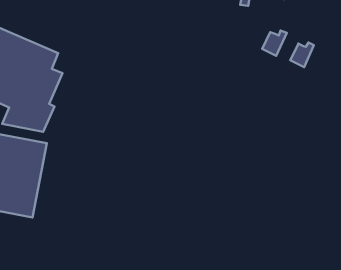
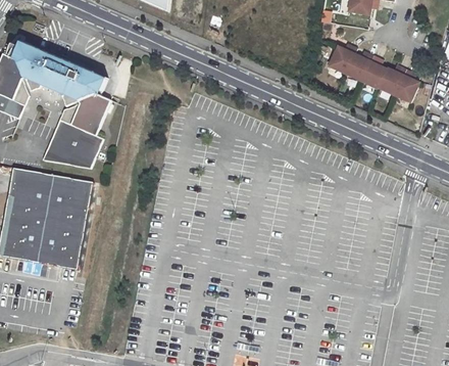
building: none -> [328,43,356,72]
building: none -> [360,53,386,87]
building: none -> [393,67,418,100]

